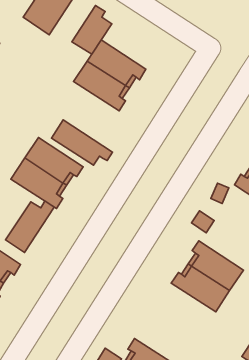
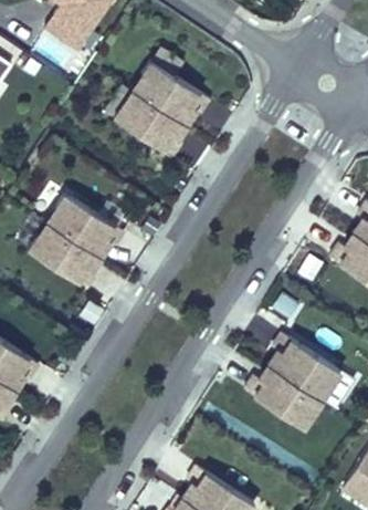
building: [72,5,112,54] -> none
building: [51,120,112,165] -> none
building: [5,201,54,252] -> none

